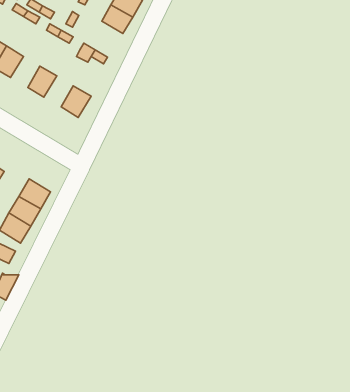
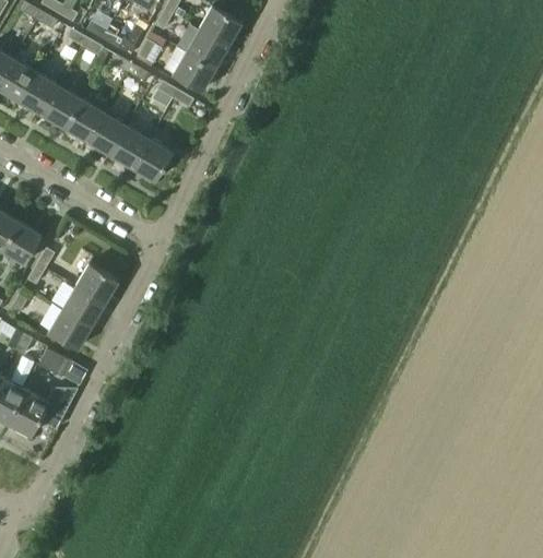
building: none -> [172,52,214,93]
building: none -> [63,99,103,141]
building: none -> [108,126,147,167]

